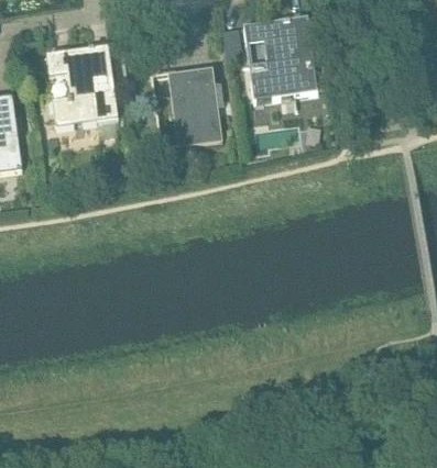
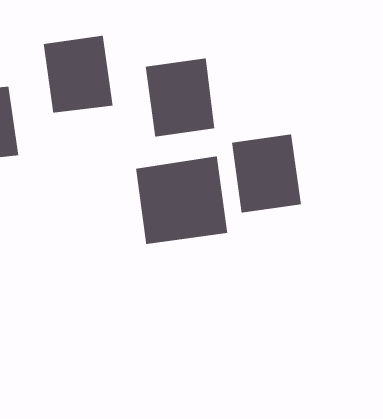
building: [244,16,316,97] -> [231,134,302,213]
building: none -> [136,156,228,245]

